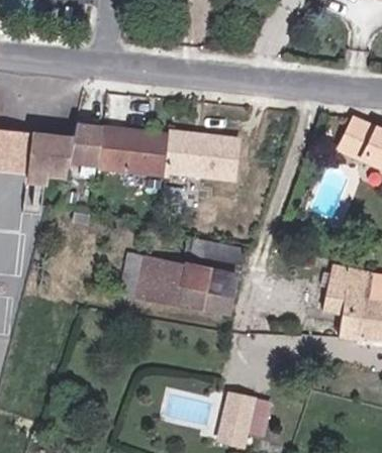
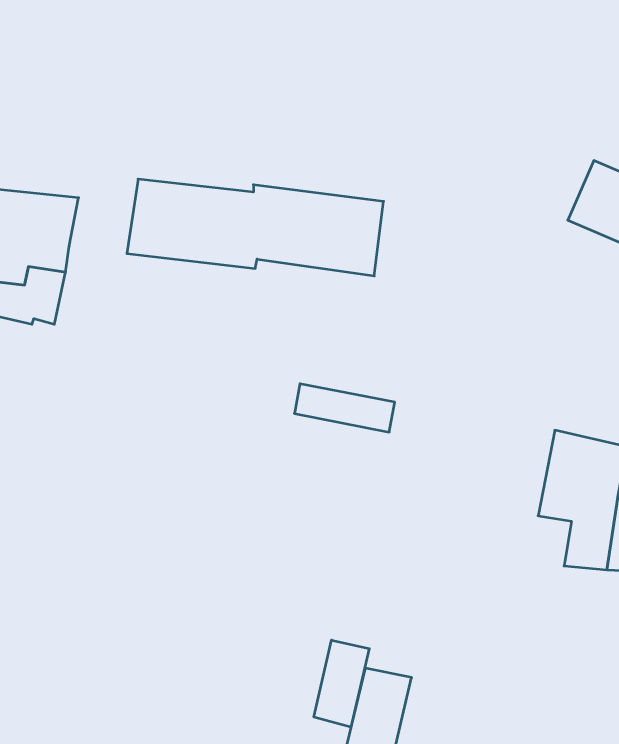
building: [68,123,102,165] -> none
building: [118,250,235,315] -> none
building: none -> [314,640,369,727]

